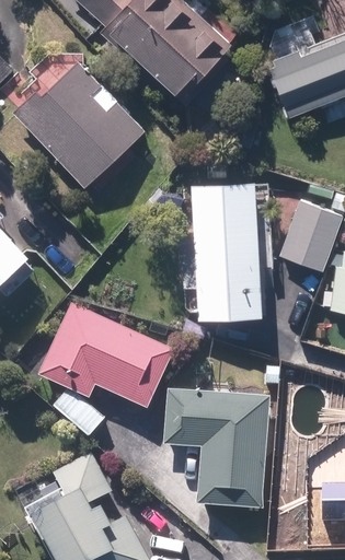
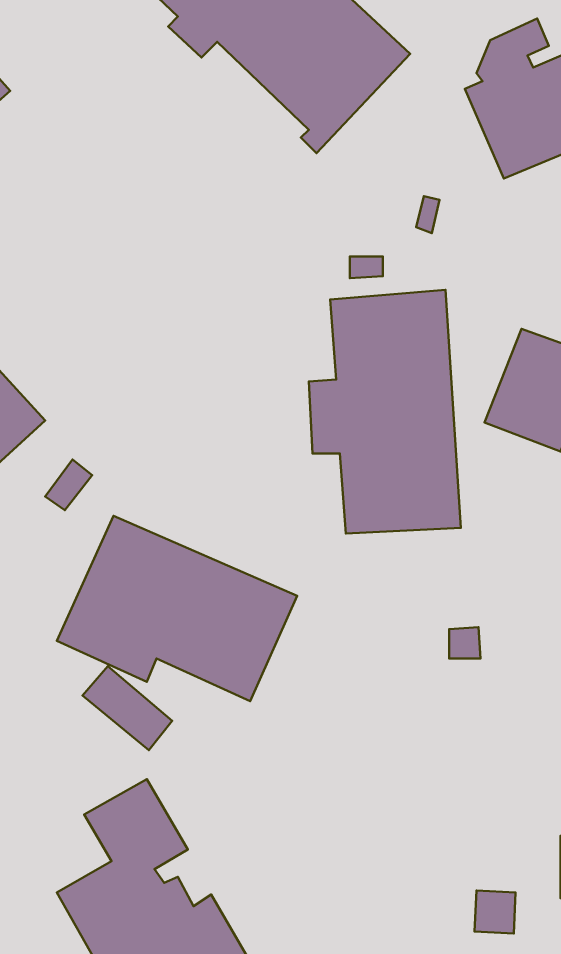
building: [12,59,143,186] -> none
building: [161,392,265,510] -> none

